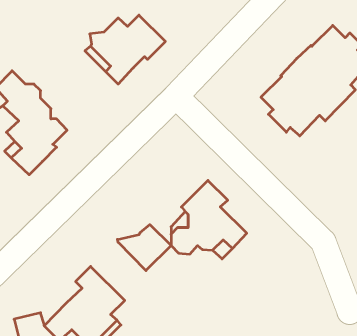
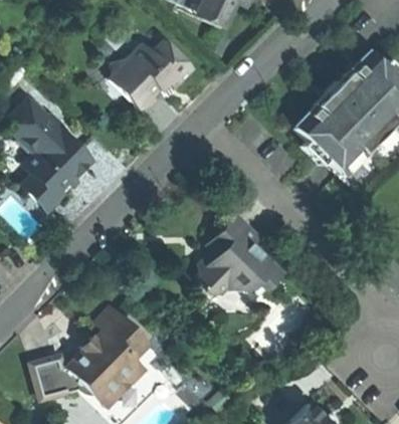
building: [117,225,171,271] -> none

